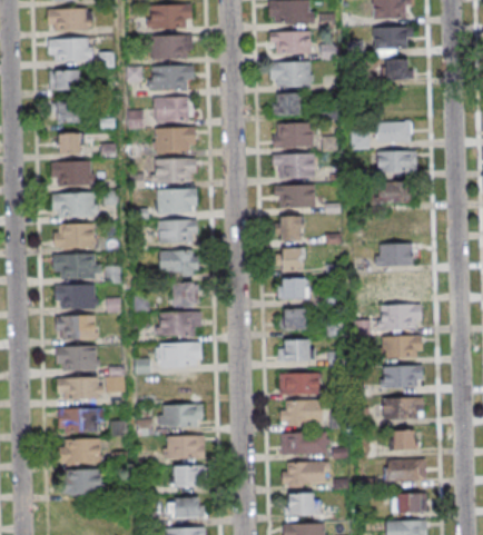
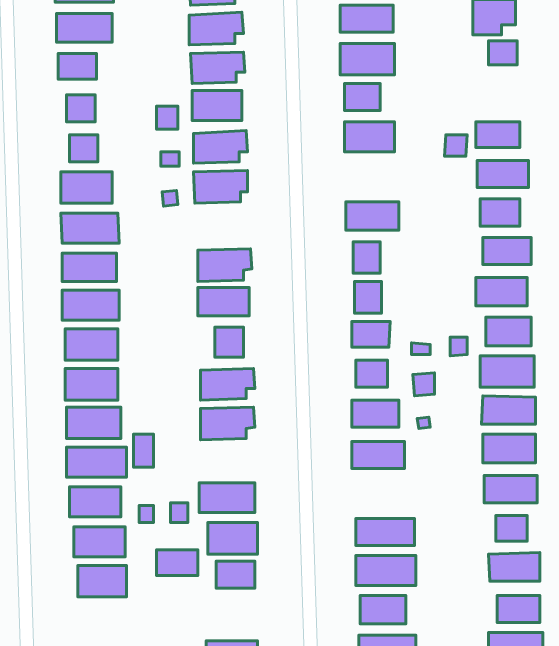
building: [273,153,314,177] -> none
building: [157,190,199,216] -> none
building: [280,399,323,423] -> none
building: [169,496,201,516] -> [156,550,198,576]

